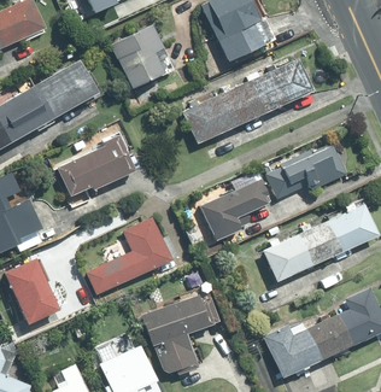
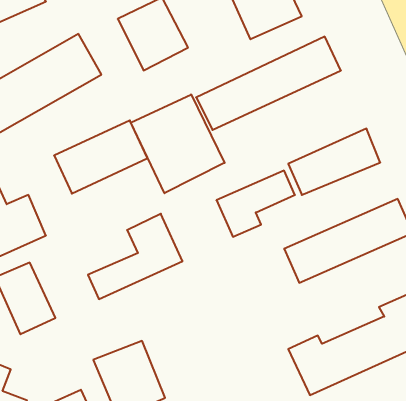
building: none -> [131,94,225,193]
building: [141,291,213,376] -> none

